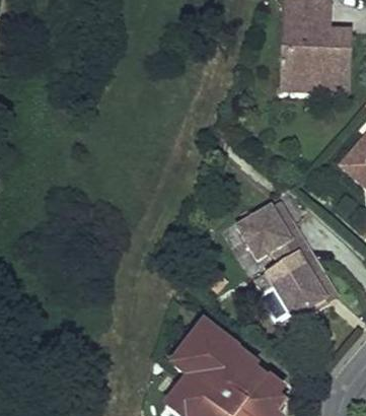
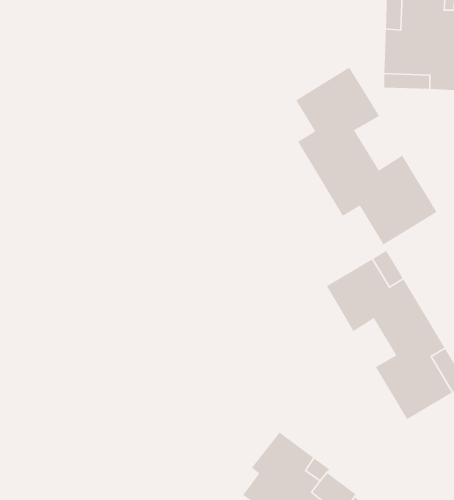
building: none -> [295,67,438,245]

